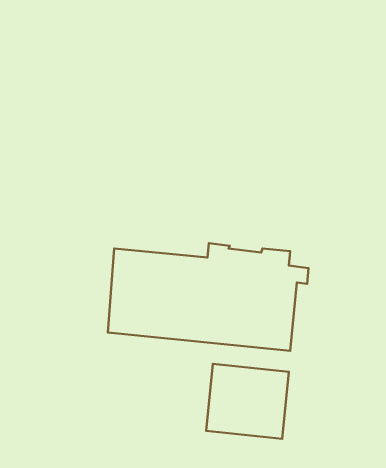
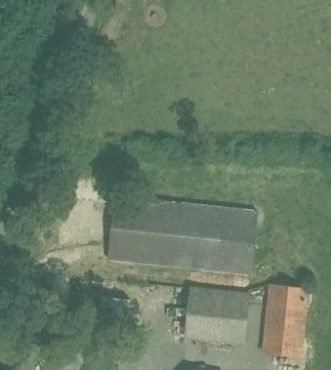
building: none -> [260,286,307,358]

